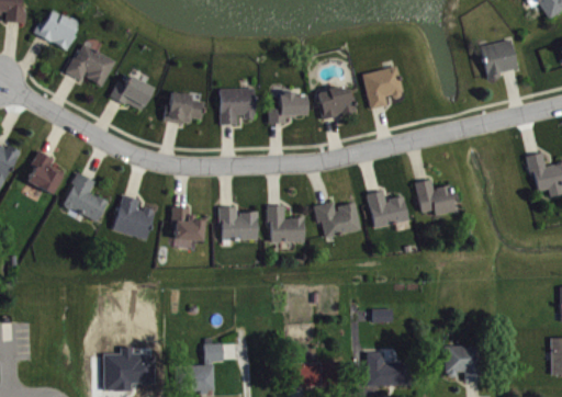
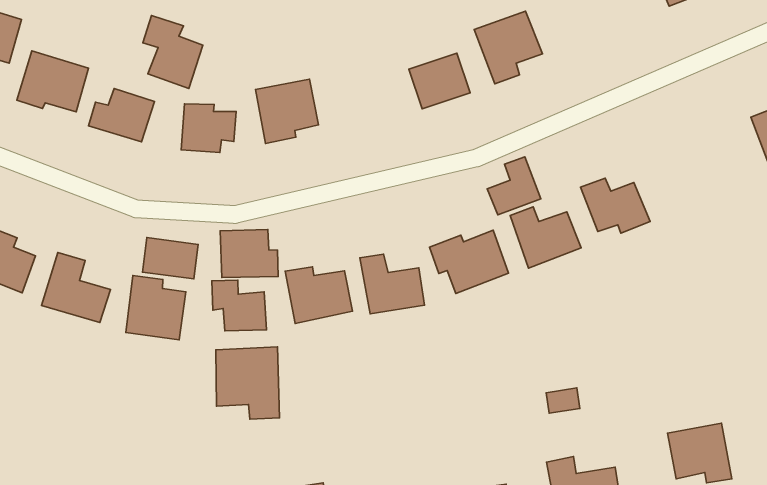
building: none -> [143,15,203,89]
building: [268,93,306,123] -> none
building: none -> [487,157,541,215]
building: none -> [142,237,198,279]
building: none -> [220,230,278,278]
building: none -> [216,347,280,419]

